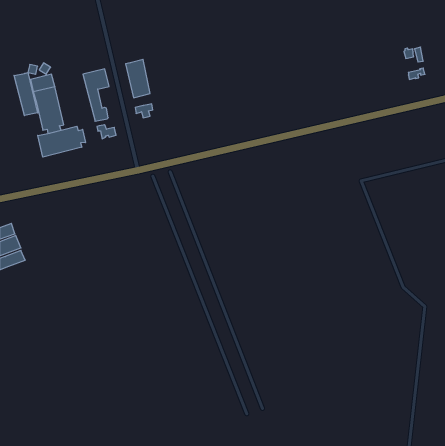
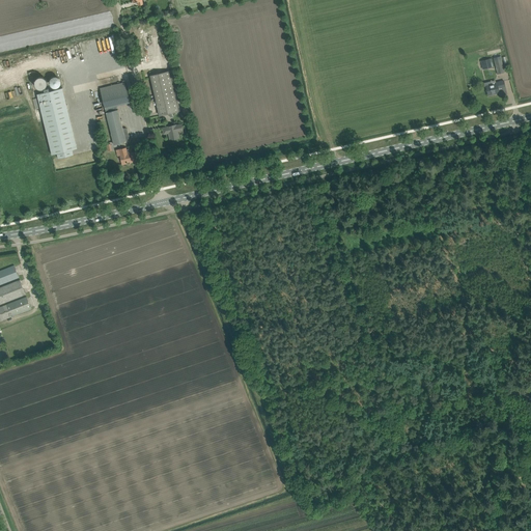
building: [14,72,38,116] -> none
building: [38,126,85,157] -> none

